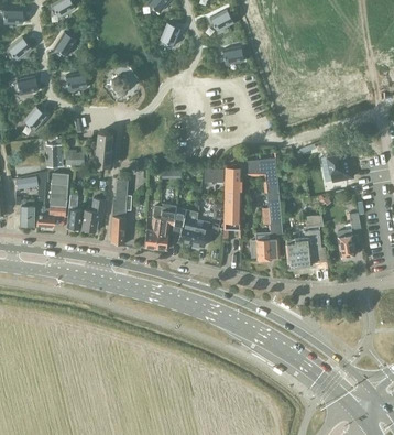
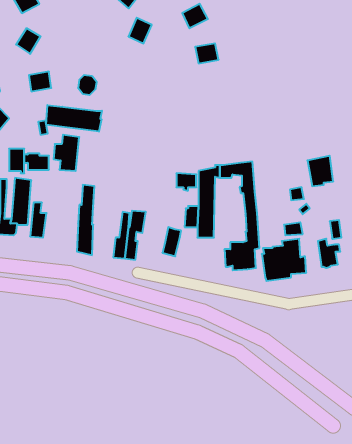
building: none -> [46,105,102,132]
building: [81,198,106,231] -> none
building: [174,207,198,243] -> none

